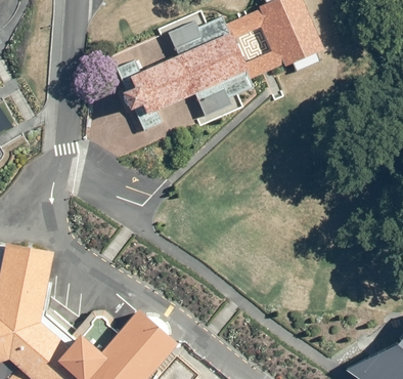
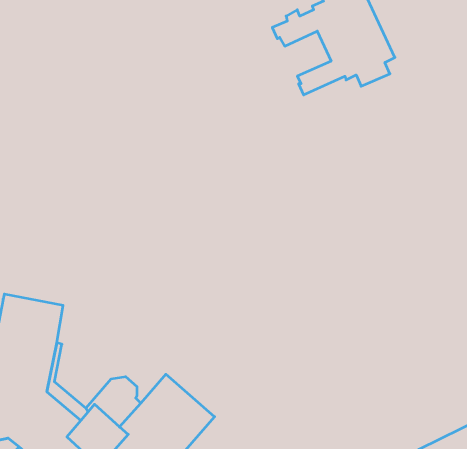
building: [117,17,254,133] -> none

